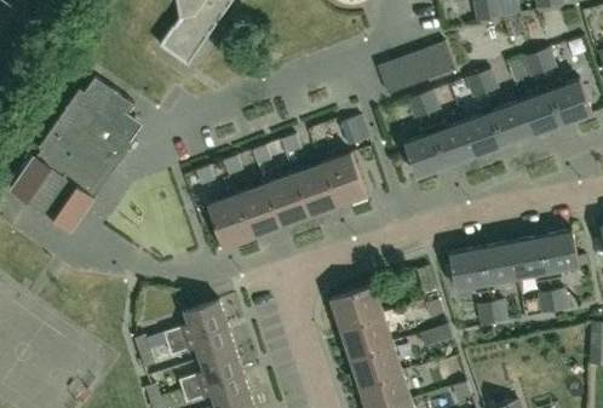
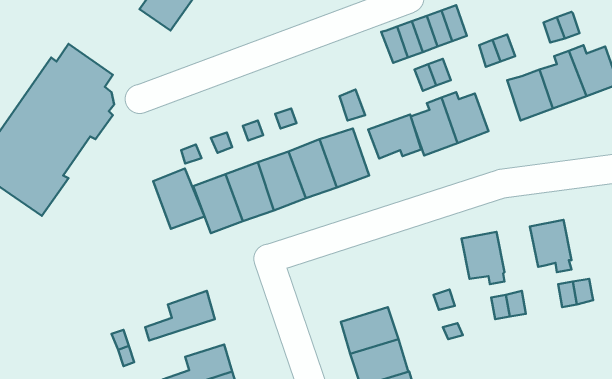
building: [461,105,502,156] -> none
building: none -> [368,115,421,158]
building: none -> [153,169,204,229]
building: [541,230,580,281] -> none
building: [481,242,518,283] -> none
building: [331,285,383,328] -> none
building: [167,326,235,360] -> none

